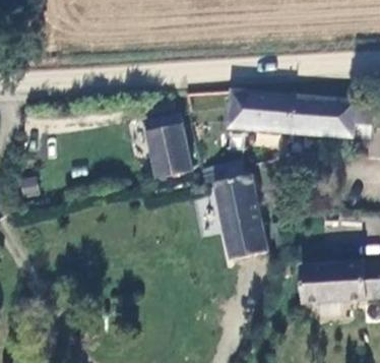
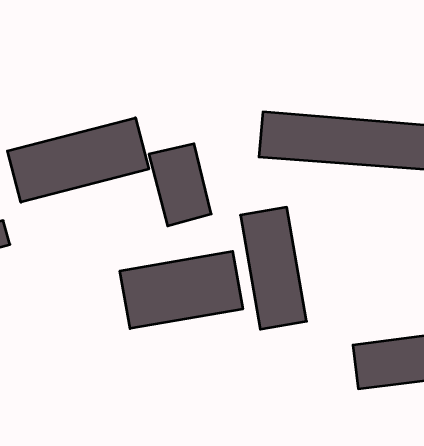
building: none -> [7,118,149,202]
building: none -> [120,251,243,329]

